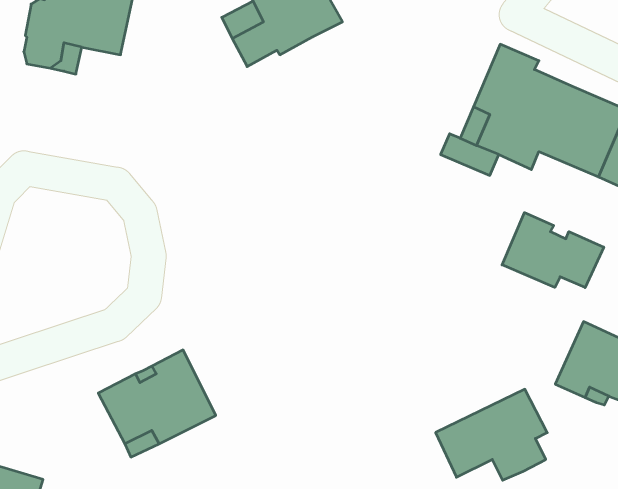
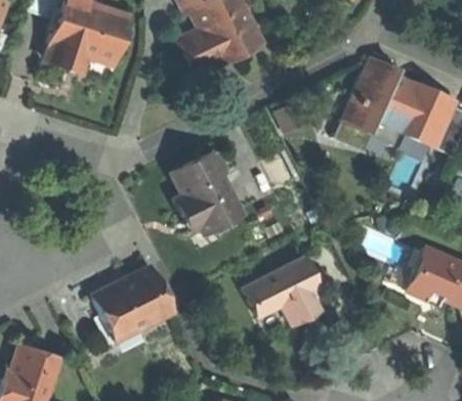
building: none -> [173,150,242,232]
building: [502,213,604,288] -> none
building: [436,389,547,480] -> [246,257,323,319]

